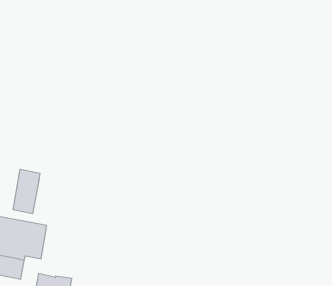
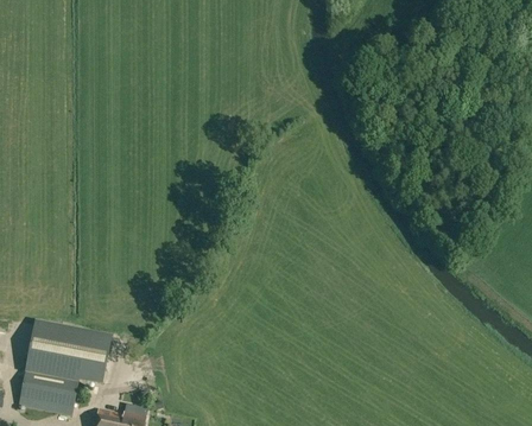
building: [13,169,40,214] -> none

